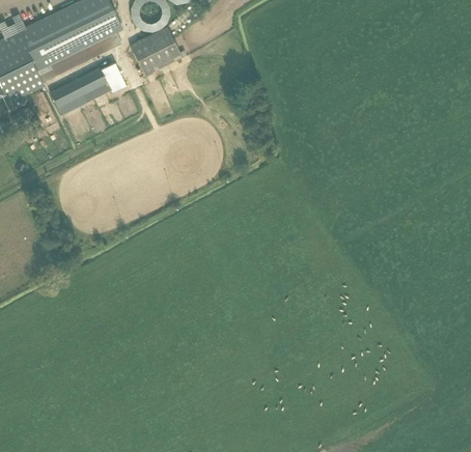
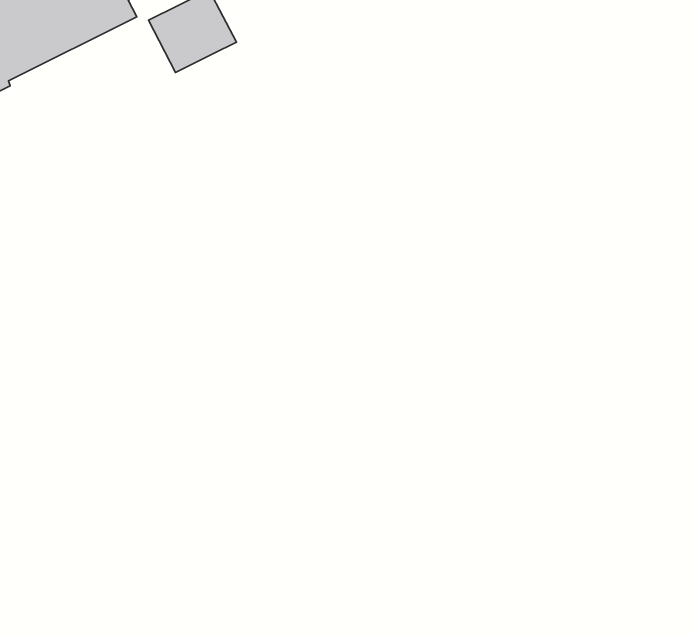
building: [50,61,127,108] -> none

